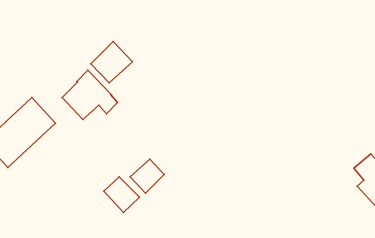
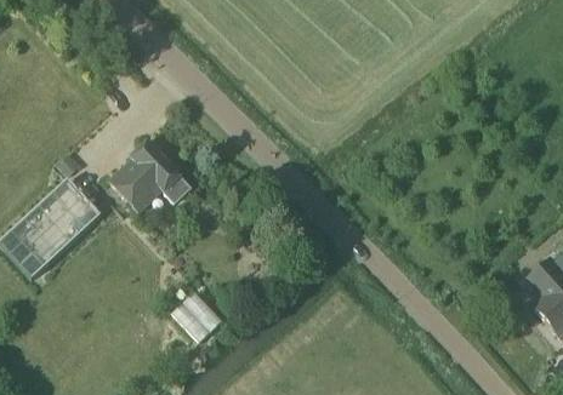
building: [91,42,133,83] -> none
building: [130,159,164,193] -> none

